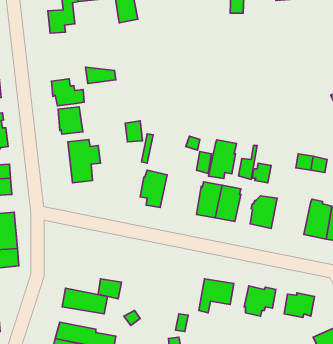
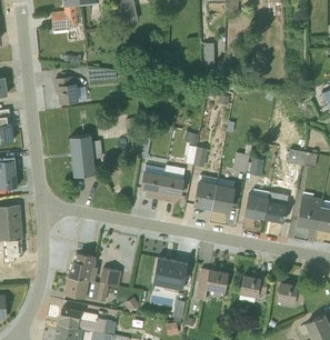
building: [58,107,83,134] -> none
building: [209,140,237,178] -> [159,166,186,202]
building: none -> [264,193,288,223]
building: none -> [69,253,98,281]
building: none -> [153,257,188,289]

